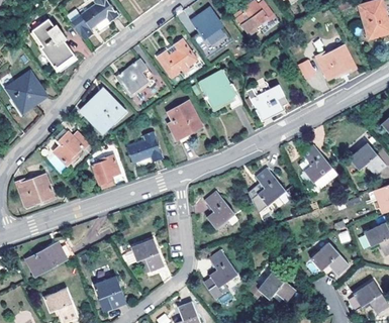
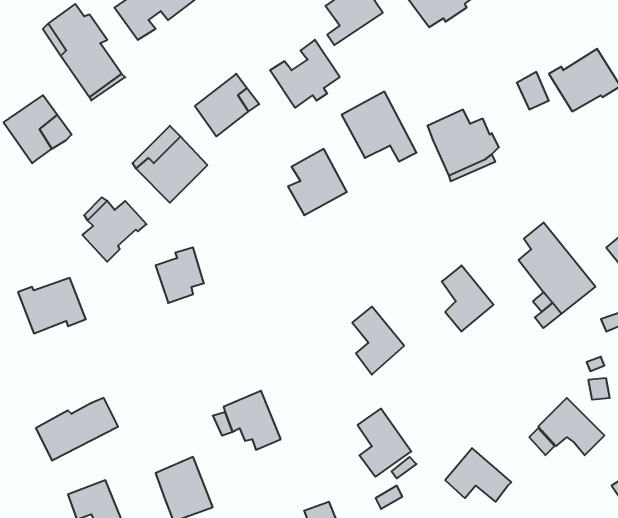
building: [127,131,162,163] -> none

